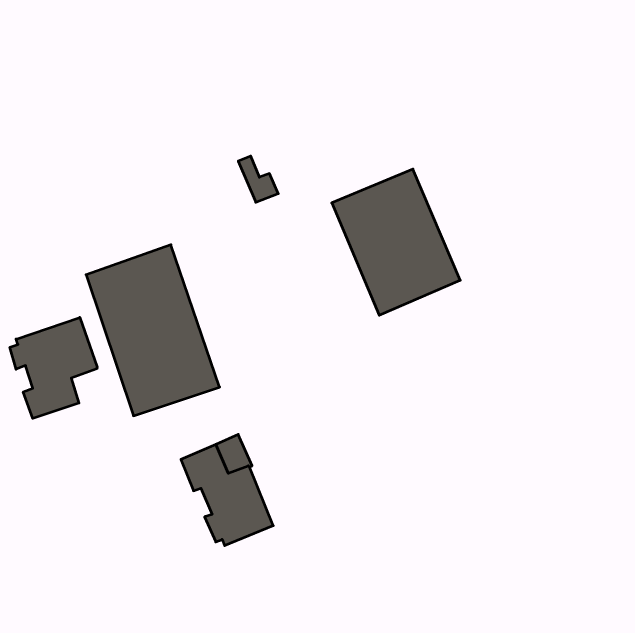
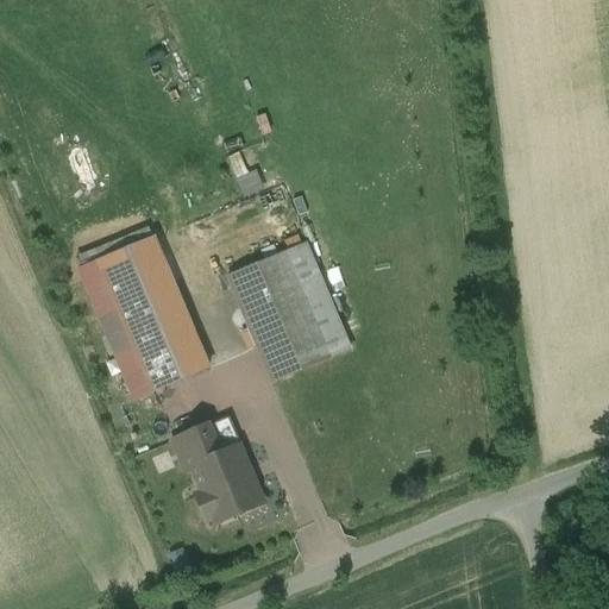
building: [332,169,460,315] -> [226,240,349,379]
building: [10,317,97,418] -> none

